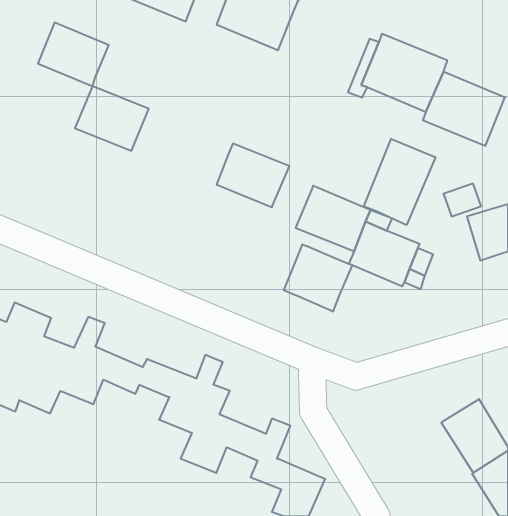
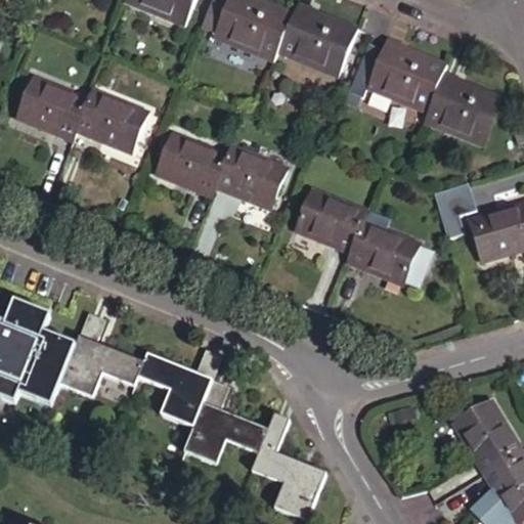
building: none -> [274,9,354,83]
building: [38,23,109,86] -> [17,74,88,137]
building: none -> [156,130,228,193]
building: [364,139,435,225] -> none
building: [284,244,352,312] -> none

